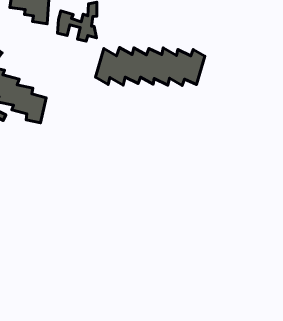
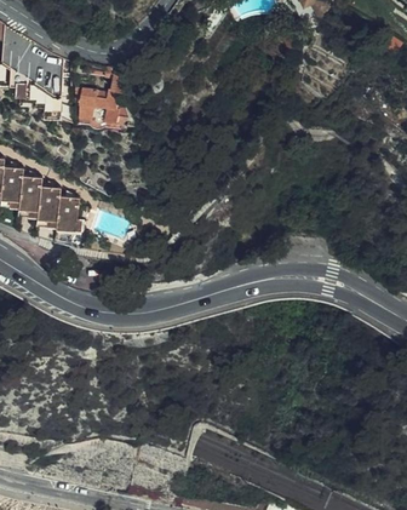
building: [96,47,205,85] -> none

